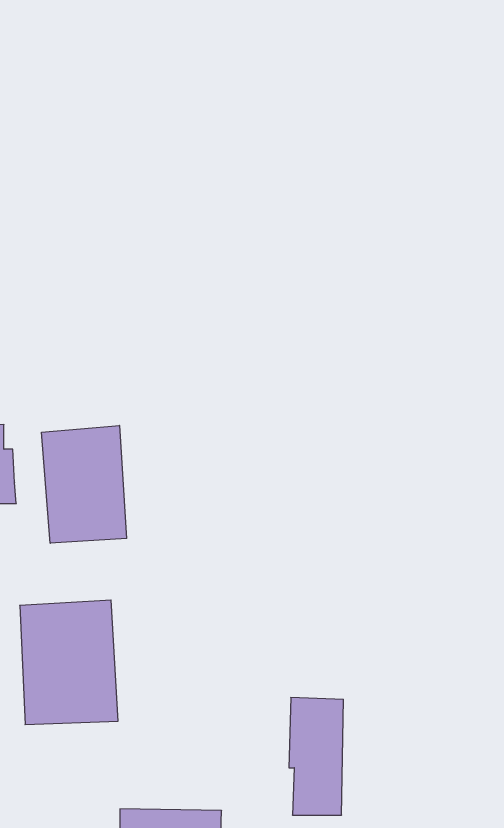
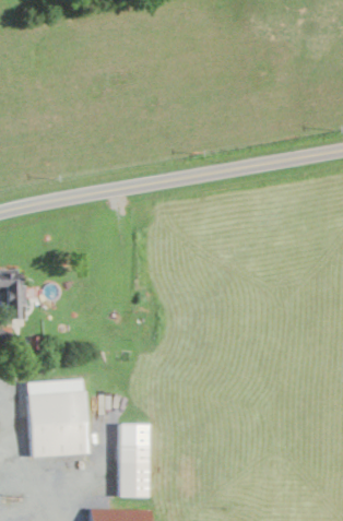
building: [42,425,127,543] -> none
building: [289,698,343,815] -> [116,424,150,497]

